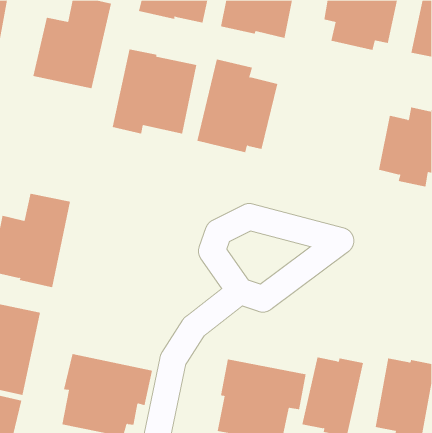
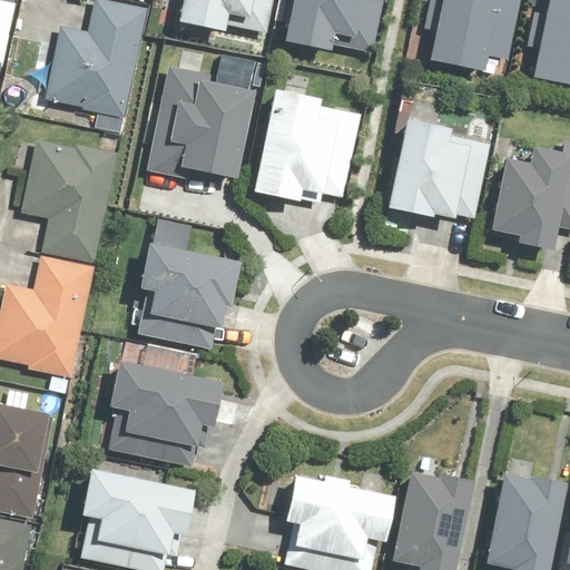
building: none -> [387,115,490,220]
building: none -> [19,141,115,265]
building: none -> [136,239,244,352]
building: none -> [107,358,227,469]

